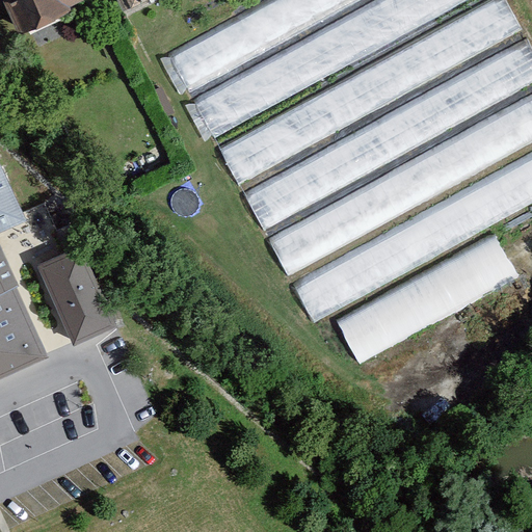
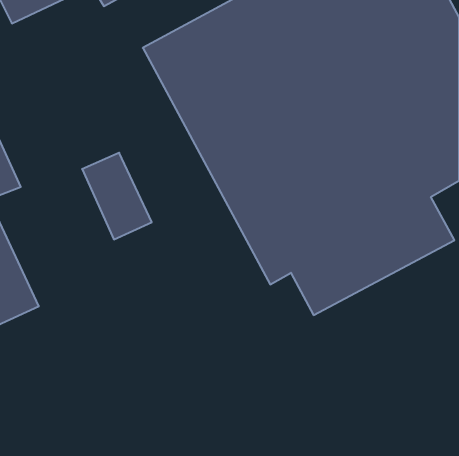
building: [34,241,114,341] -> [82,153,152,239]

